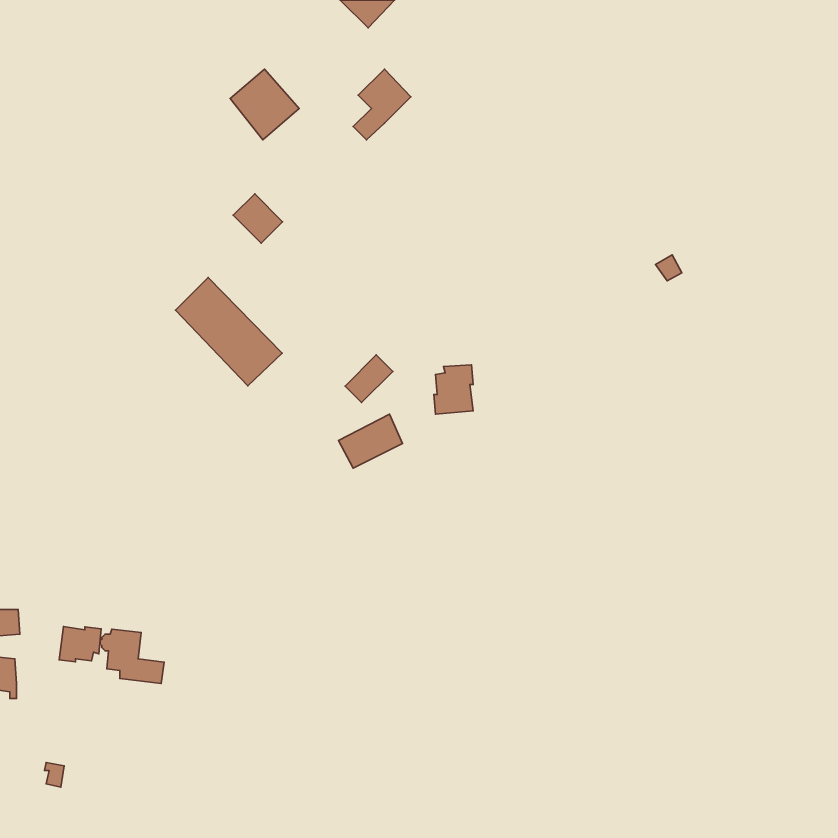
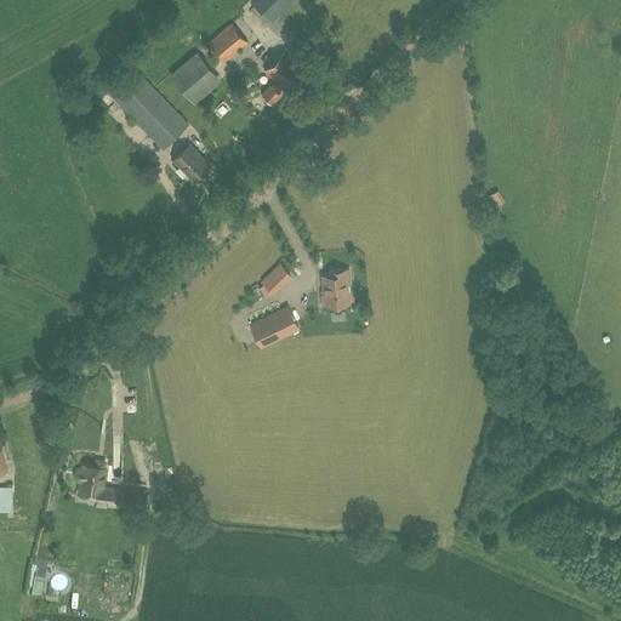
building: none -> [207,24,246,62]
building: [175,277,282,386] -> [108,69,187,149]
building: [59,626,101,662] -> none

